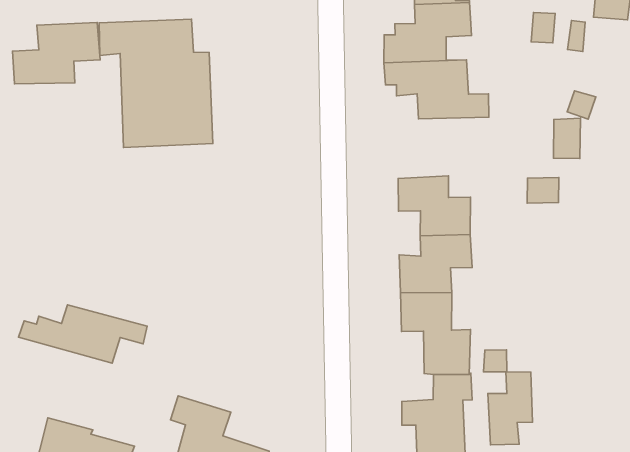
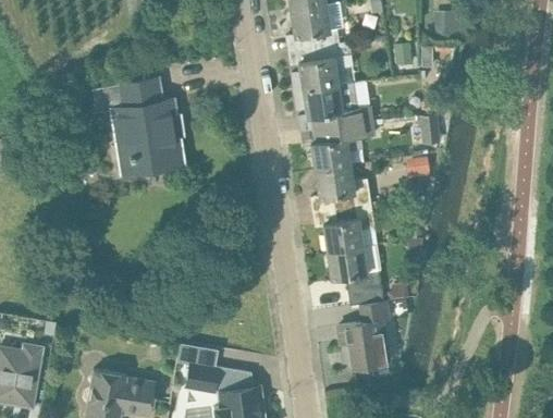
building: [13,23,100,84] -> none
building: none -> [311,121,376,172]
building: [18,305,147,363] -> none
building: [488,372,532,445] -> none

